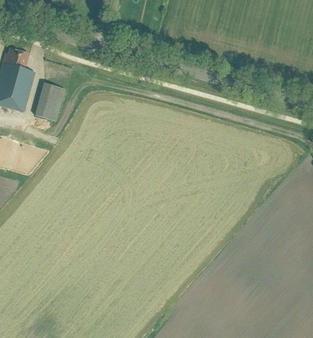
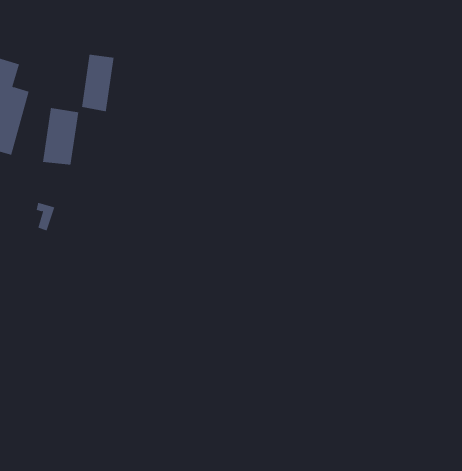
building: none -> [81,54,114,112]

